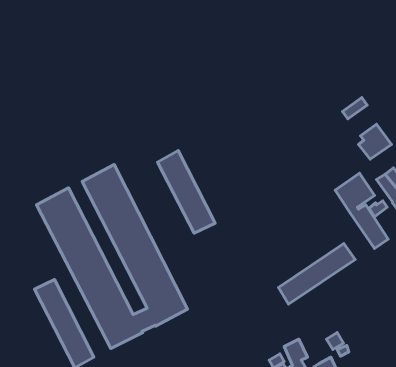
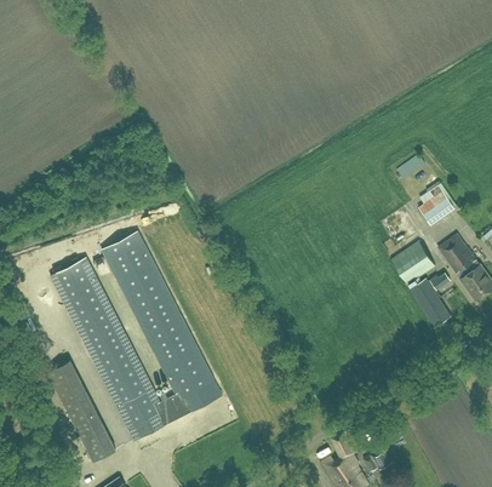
building: [157,151,215,233] -> none
building: [278,244,355,304] -> none

